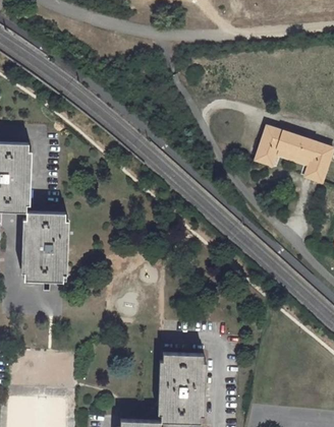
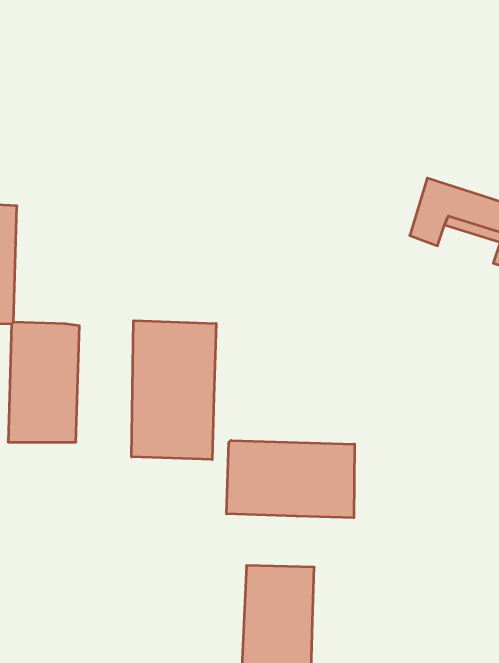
building: none -> [132,321,216,460]
building: none -> [227,440,355,518]

